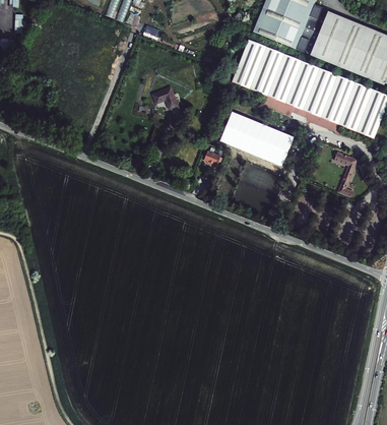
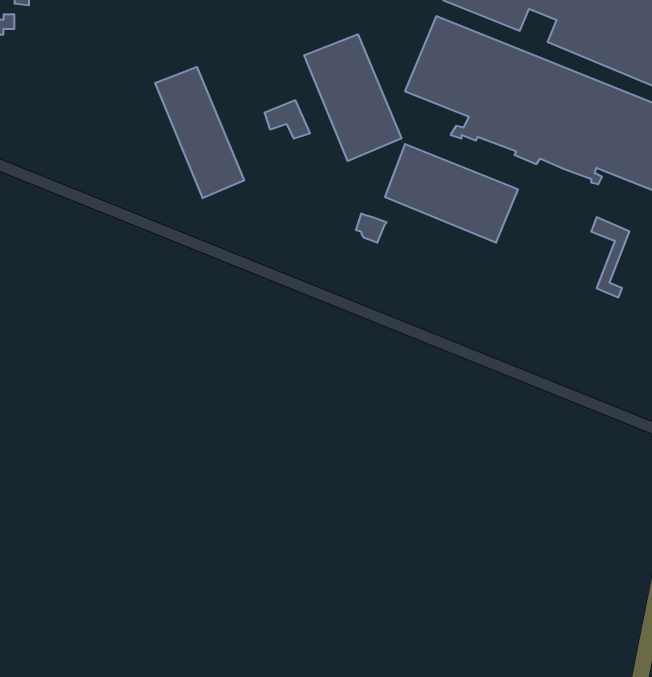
building: none -> [304,34,401,161]
building: none -> [155,67,244,198]

